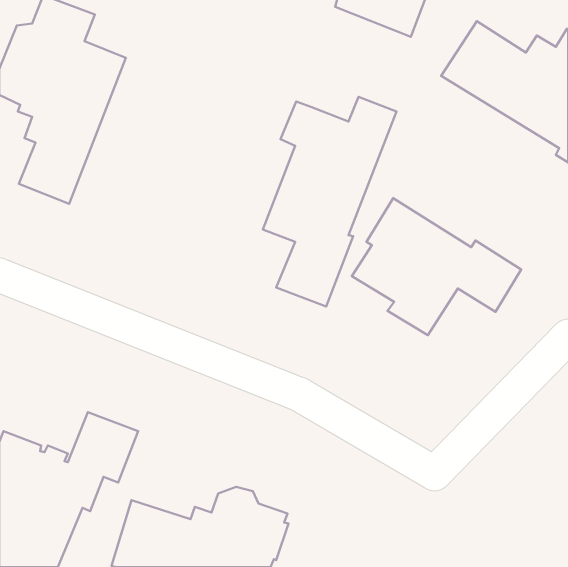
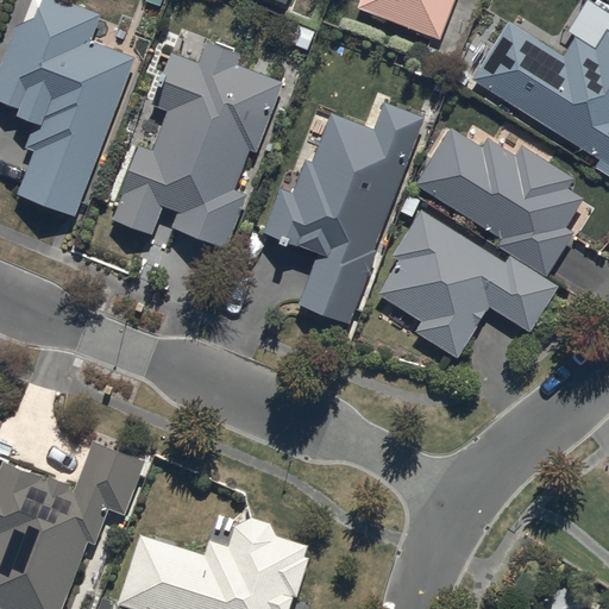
building: none -> [113,42,283,236]
building: none -> [413,128,583,277]

